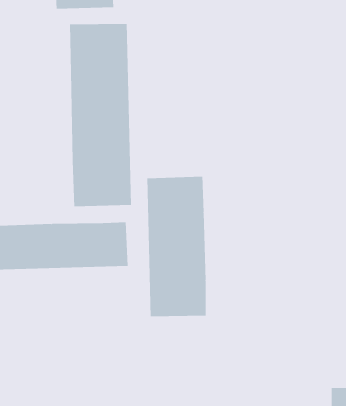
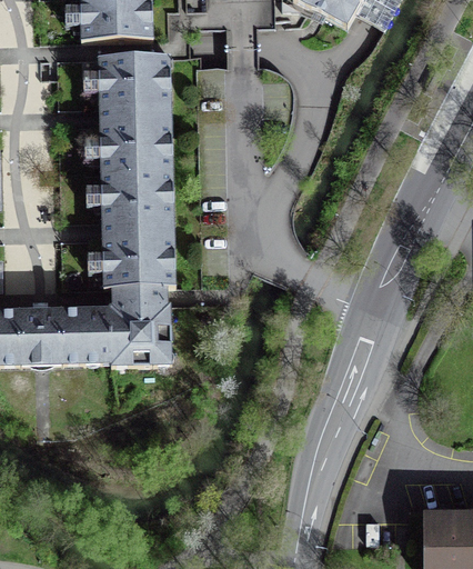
building: [147,176,206,317] -> none

